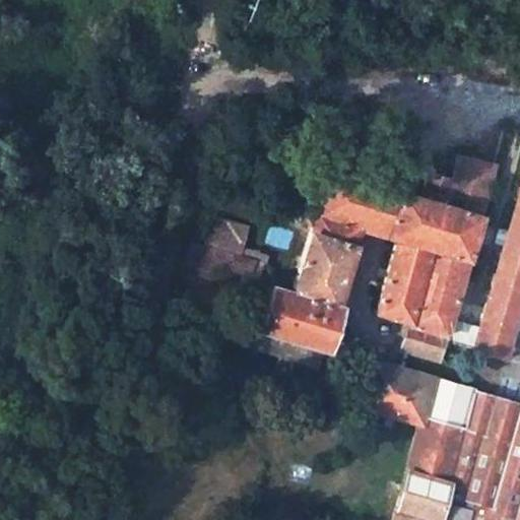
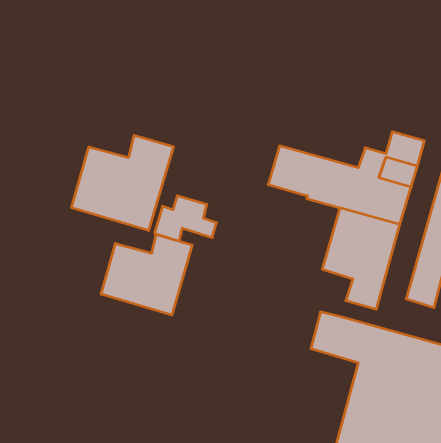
building: none -> [72,135,173,231]
building: [267,218,364,350] -> none
building: none -> [101,235,192,315]

